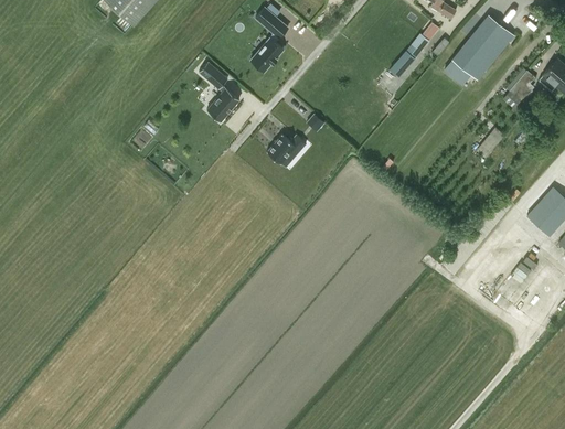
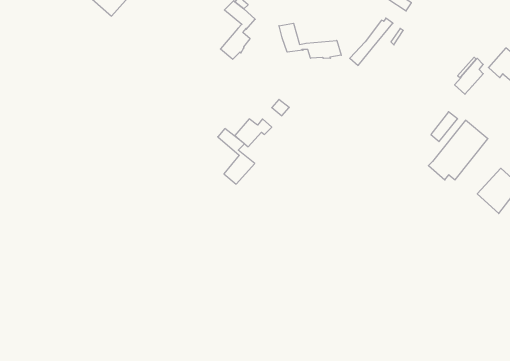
building: [448,15,512,79] -> [428,120,488,180]
building: none -> [279,23,341,58]
building: [199,63,238,122] -> [218,129,255,184]

